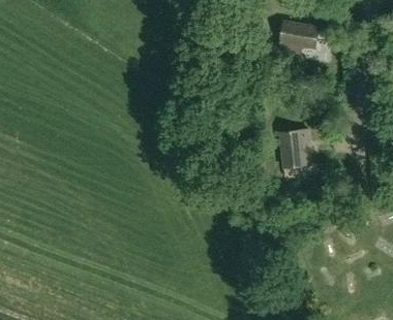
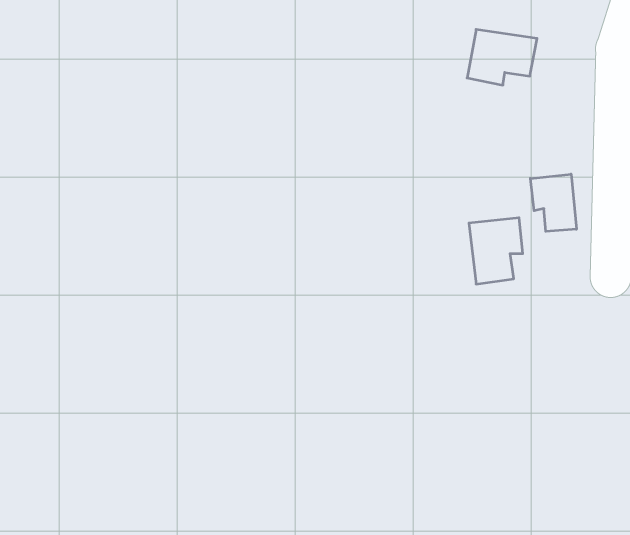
building: none -> [530,174,576,231]

